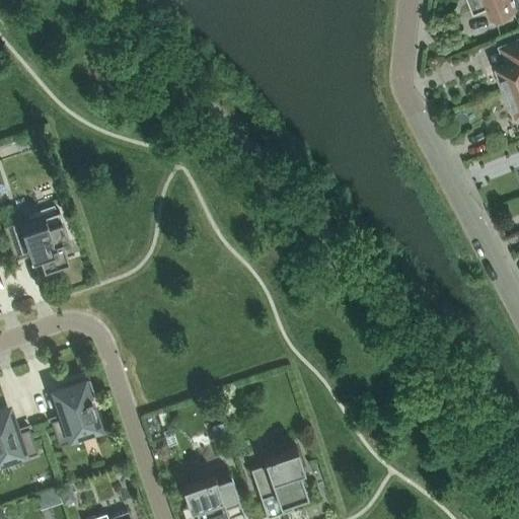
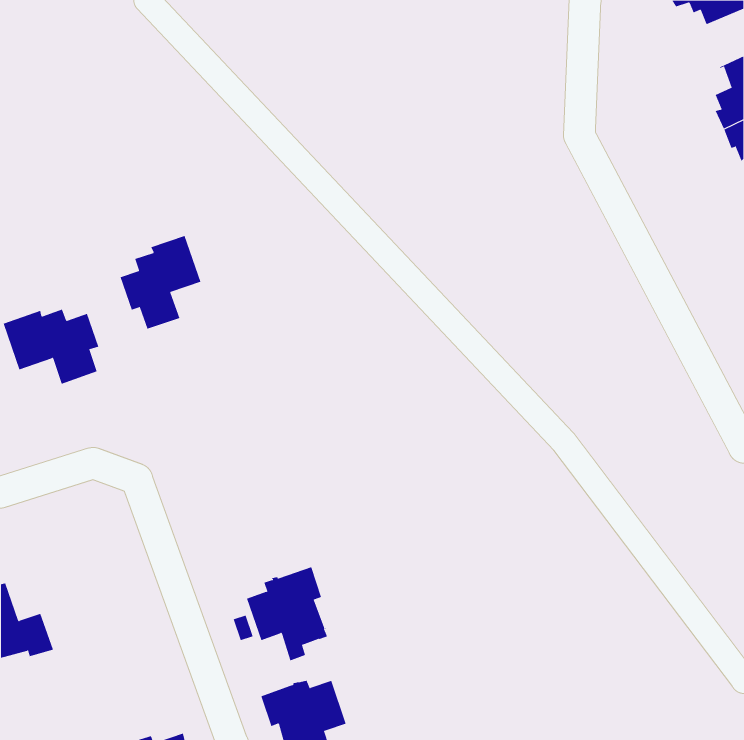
building: none -> [120,235,201,330]
building: [51,379,99,447] -> none
building: [250,448,307,514] -> [246,566,328,661]

